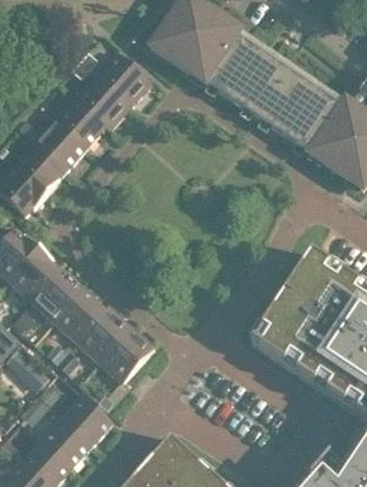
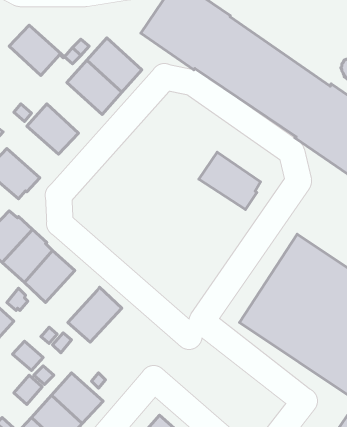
building: [53,95,109,147] -> [9,25,64,76]
building: [12,139,65,192] -> none
building: none -> [199,152,261,210]
building: [52,287,105,340] -> none
building: [97,326,153,381] -> none

